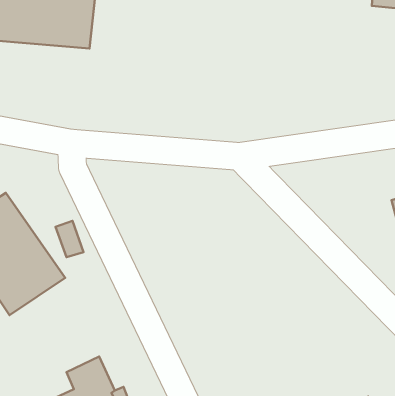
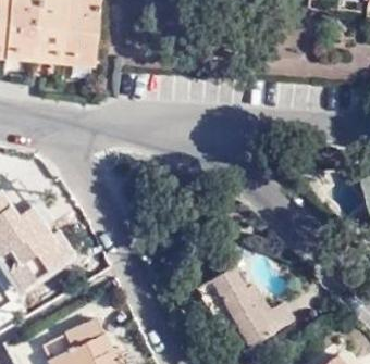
building: none -> [213,276,295,355]

